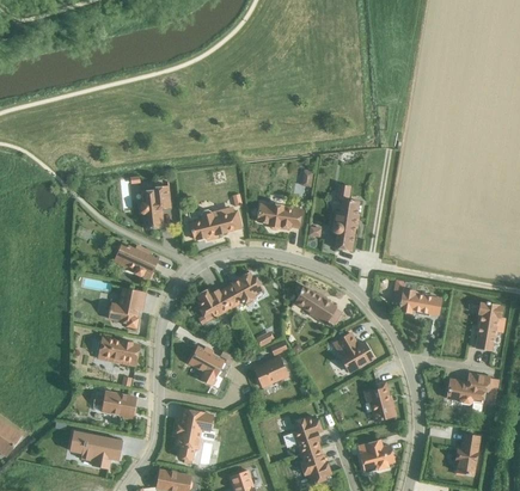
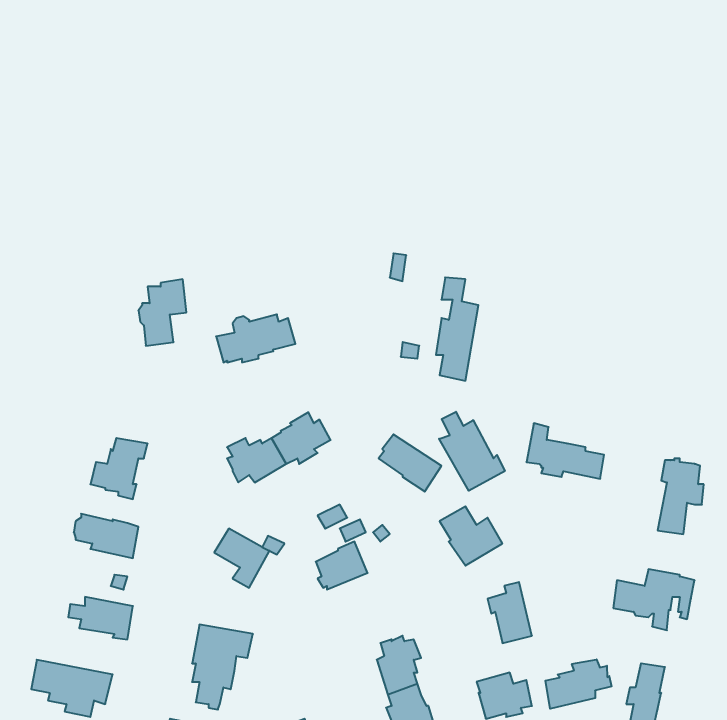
building: [256,203,301,228] -> none
building: [115,243,157,278] -> none
building: none -> [439,412,505,491]
building: none -> [545,659,612,709]

